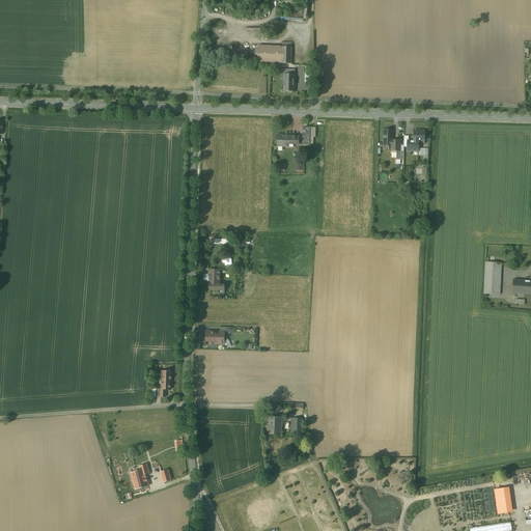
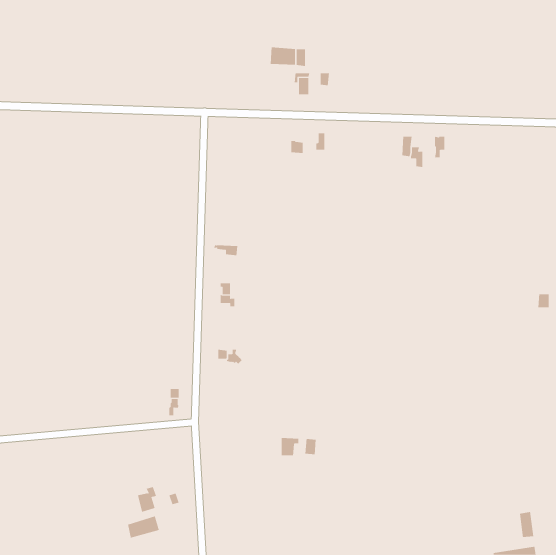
building: [484,261,502,294] -> none
building: none -> [128,516,159,538]

